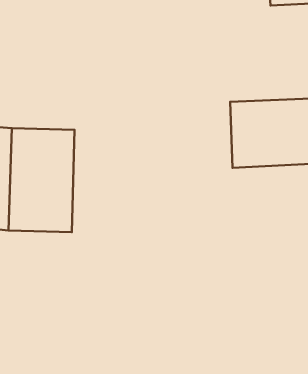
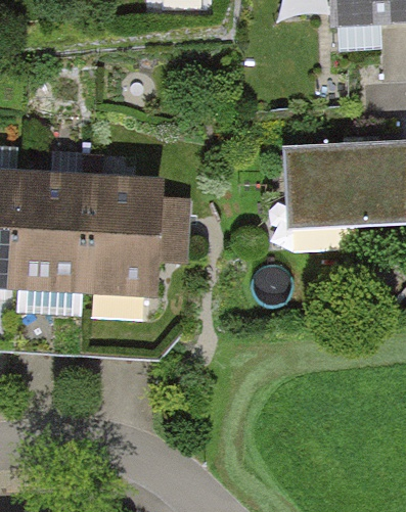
building: none -> [92,178,170,305]

